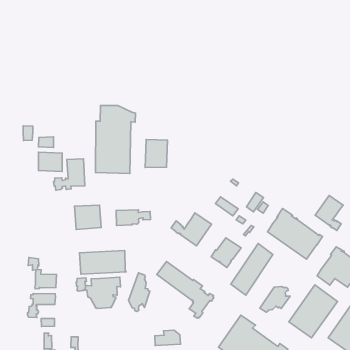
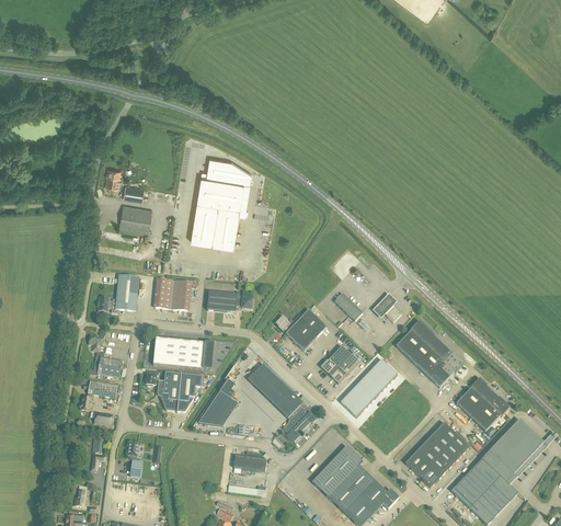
building: [145,139,167,168] -> none
building: [54,159,85,190] -> [98,274,139,311]
building: [315,195,343,230] -> none
building: [260,286,290,312] -> none

